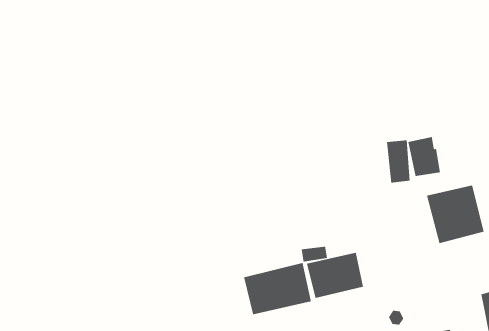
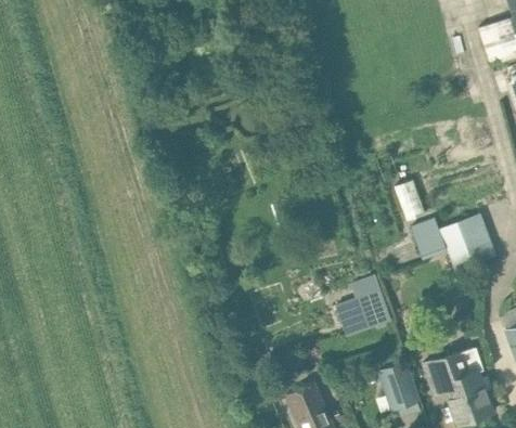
building: [408,137,441,176] -> [411,219,446,258]
building: [244,262,312,315] -> none

